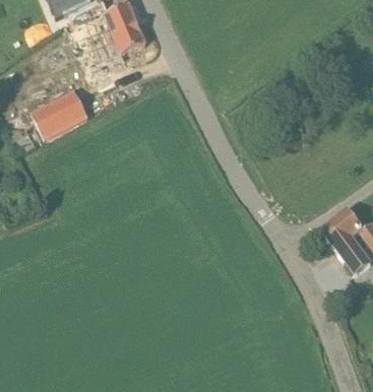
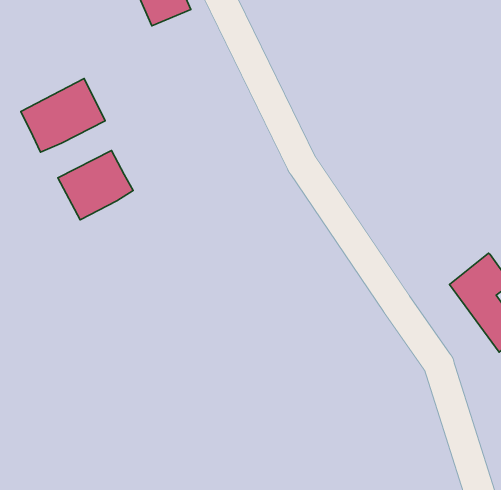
building: none -> [58,151,133,220]

